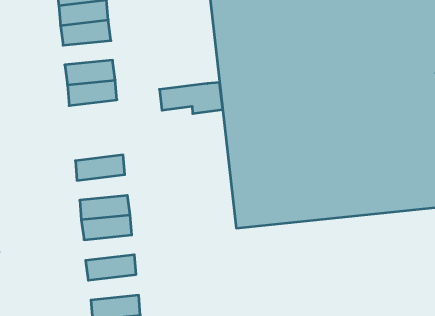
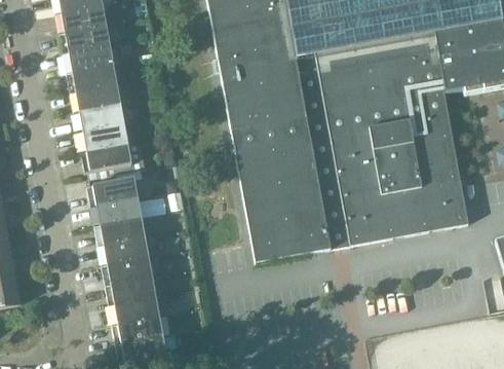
building: none -> [71,84,121,112]
building: [159,82,223,114] -> [81,141,146,174]
building: none -> [87,177,139,207]
building: none -> [94,217,146,246]
building: none -> [106,276,157,305]
building: none -> [113,316,164,344]

